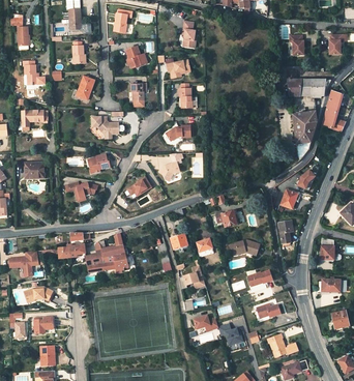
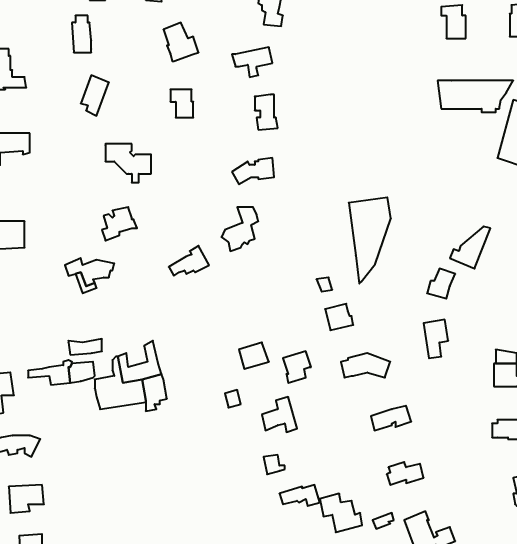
building: [292,110,317,160] -> [349,197,391,284]

